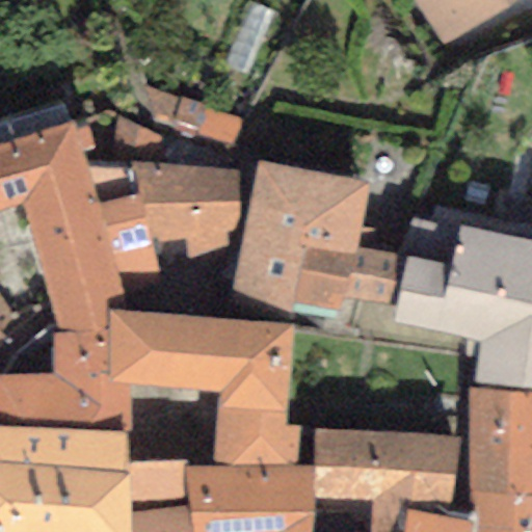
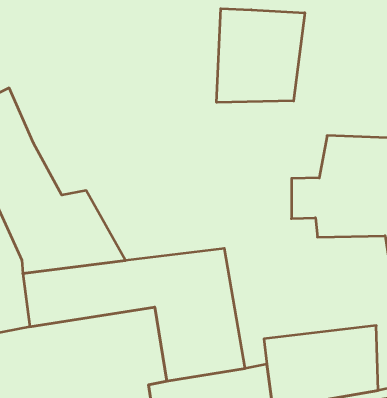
building: none -> [217,9,305,102]
building: [88,122,231,238] -> none
building: [247,177,382,305] -> none

